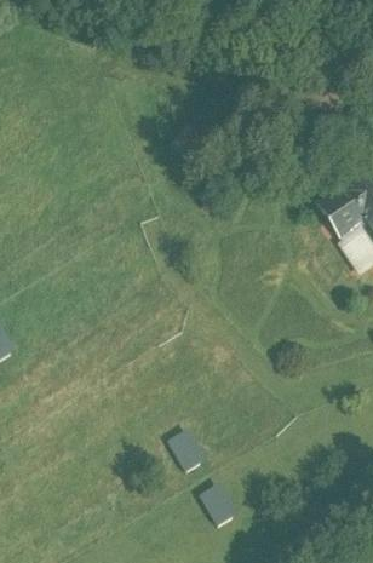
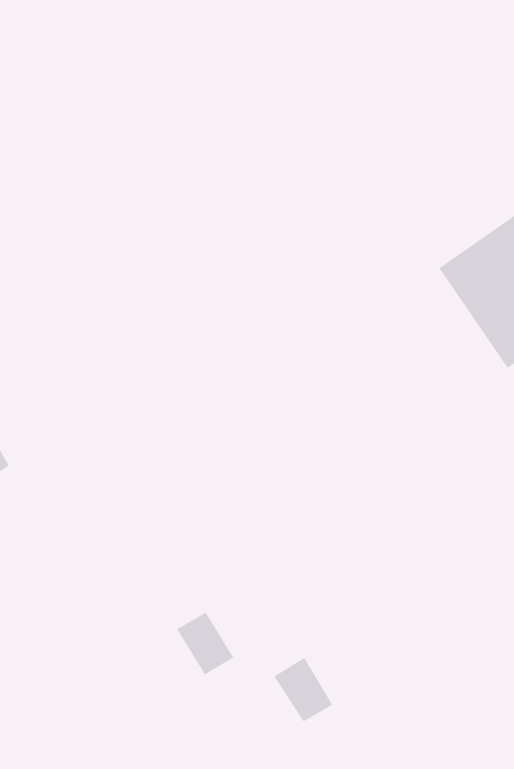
building: [166,425,206,469] -> [176,612,234,675]

